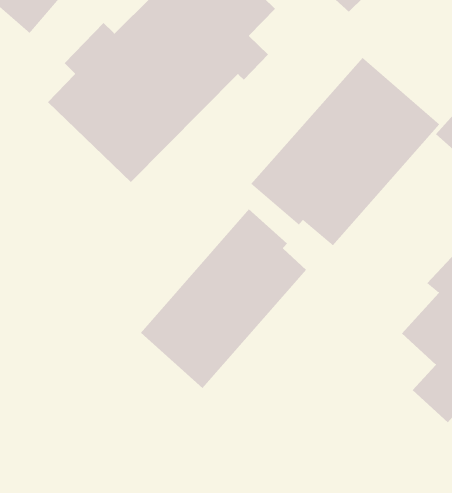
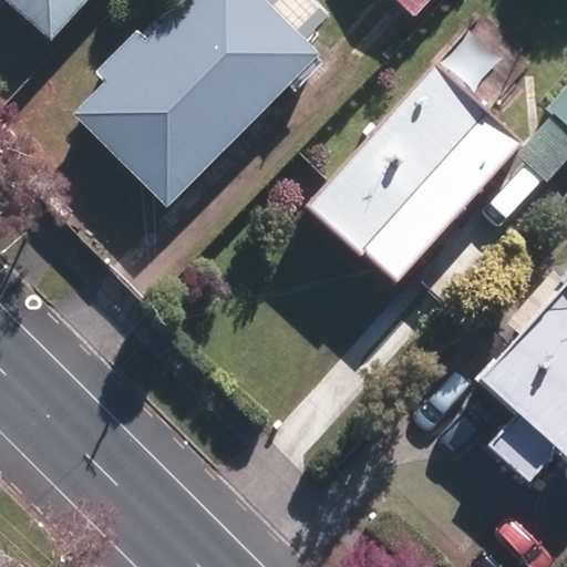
building: [140,209,307,389] -> none

